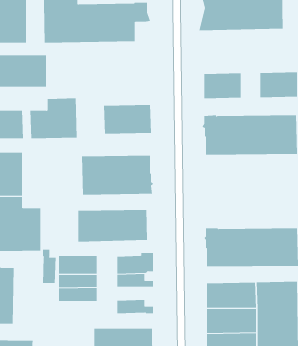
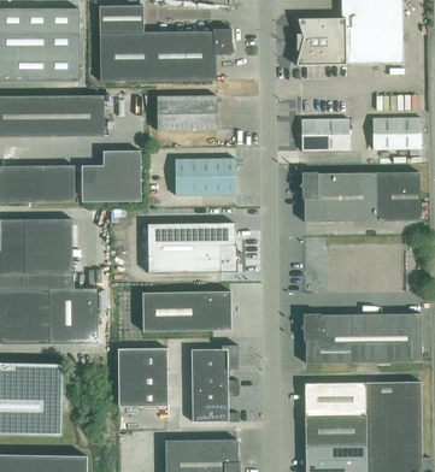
building: none -> [157,95,218,130]
building: [42,249,56,284] -> none
building: none -> [192,388,239,405]

